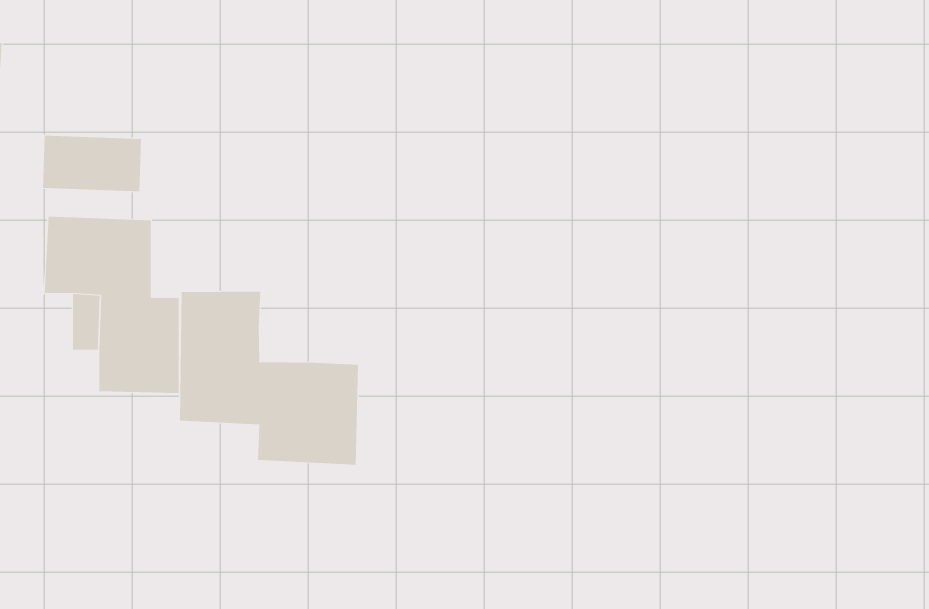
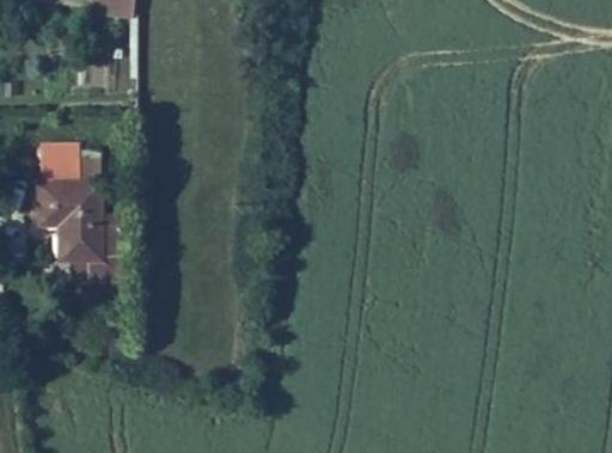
building: [180,291,358,465] -> none

